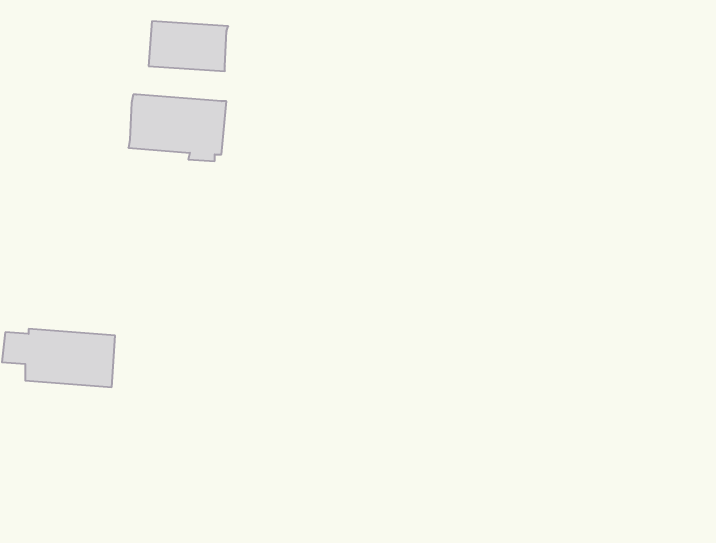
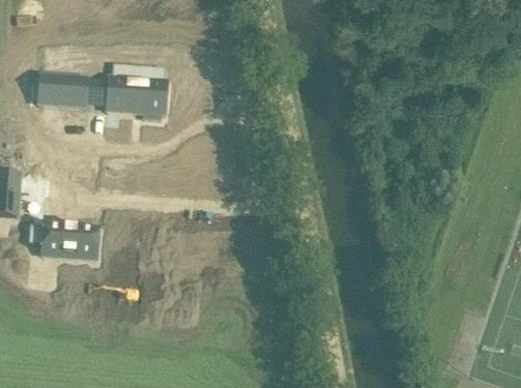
building: [149,21,228,71] -> [38,79,88,110]

